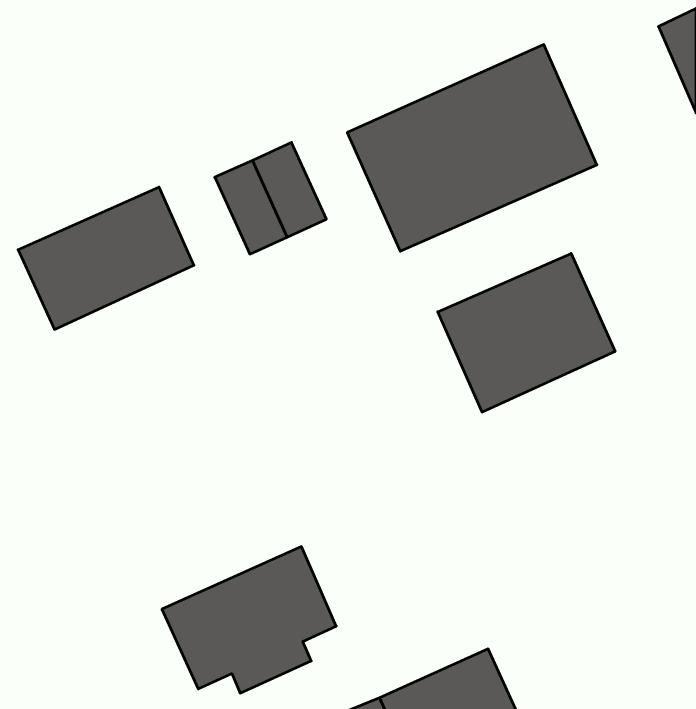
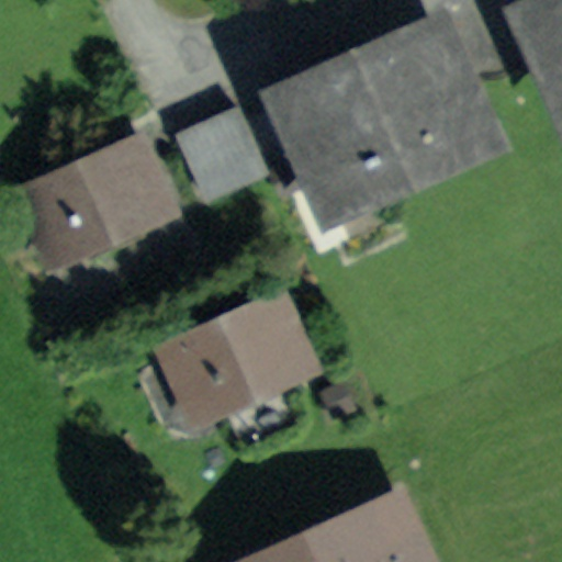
building: [438,253,615,412] -> none
building: [162,547,336,693] -> [158,307,295,423]

